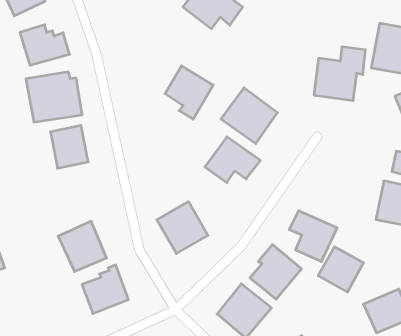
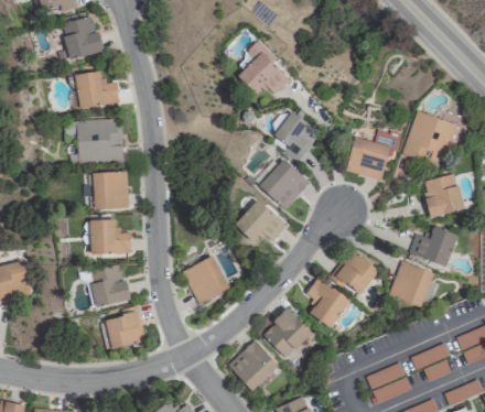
building: [165,66,213,119] -> [273,110,320,162]
building: none -> [91,219,130,253]
building: [318,247,364,292] -> [334,251,378,295]

